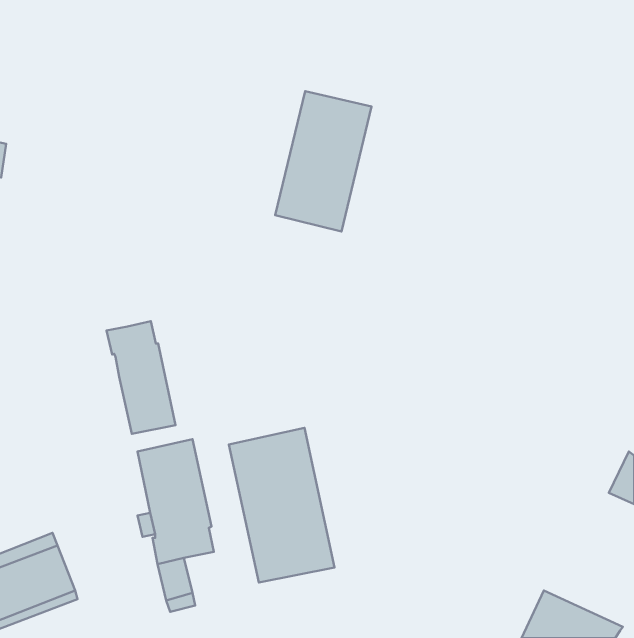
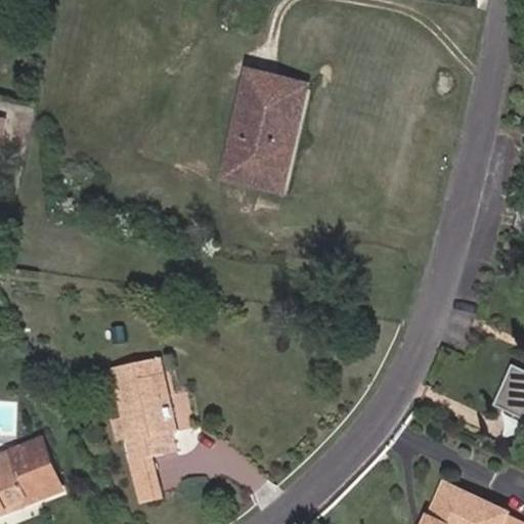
building: [107,321,175,434] -> none
building: [229,428,334,583] -> none

